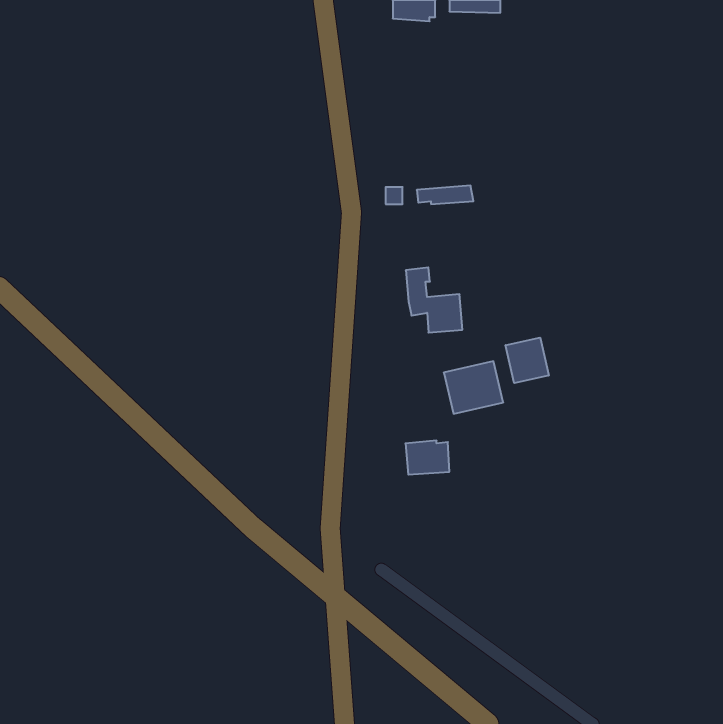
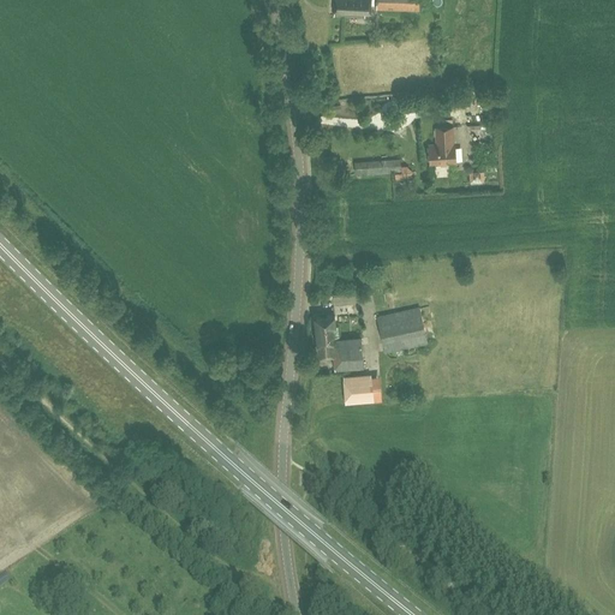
building: none -> [428,126,455,162]
building: [406,267,462,333] -> [315,314,363,369]
building: [506,338,549,383] -> none

